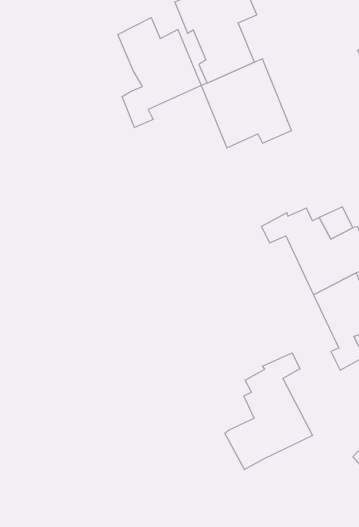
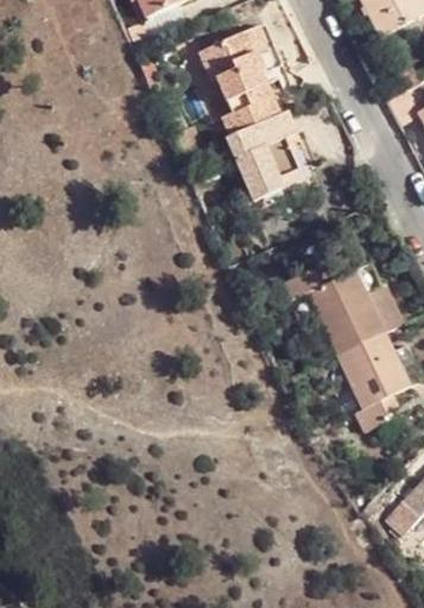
building: [118,18,201,128] -> none
building: [225,353,313,470] -> none

